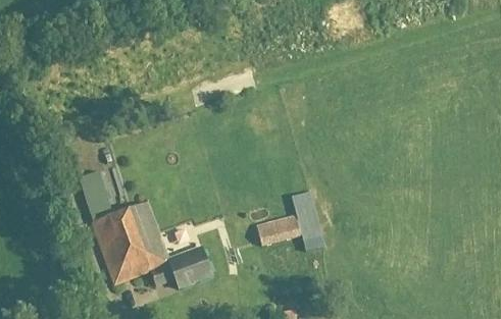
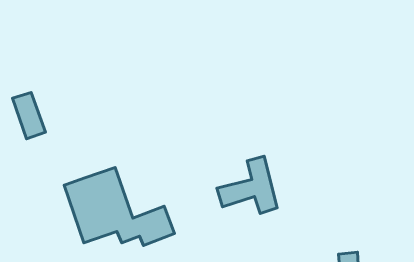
building: [80,170,115,220] -> [12,92,45,139]

